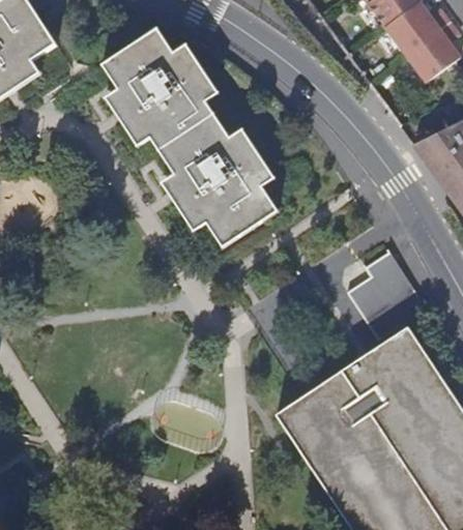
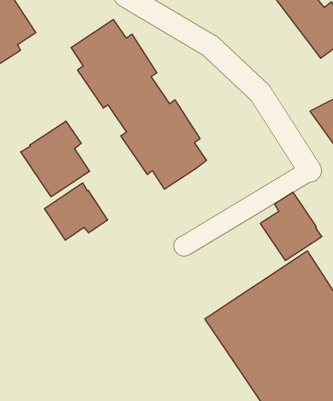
building: none -> [21,121,90,197]
building: none -> [45,183,108,240]

